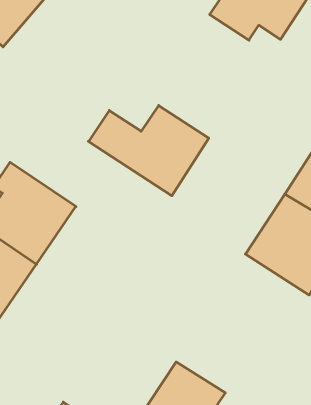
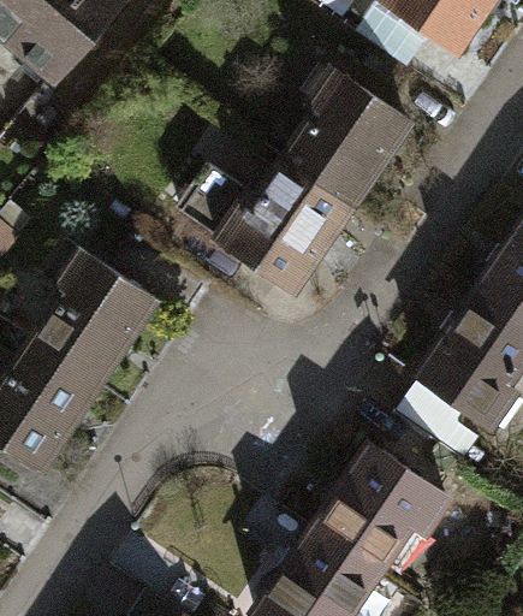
building: none -> [280,71,414,207]
building: none -> [305,439,448,574]

